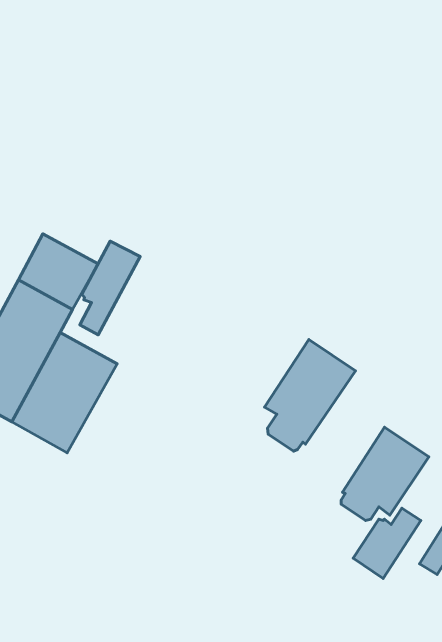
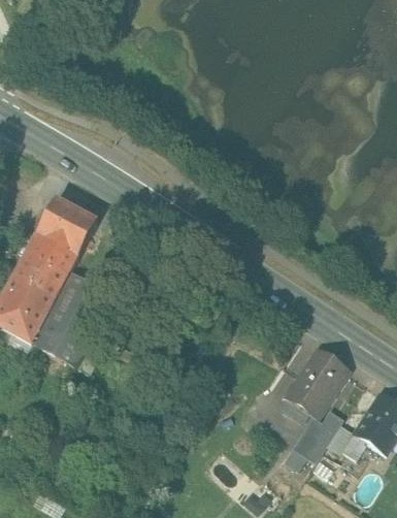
building: [80,241,140,335] -> none
building: [265,340,356,451] -> none

